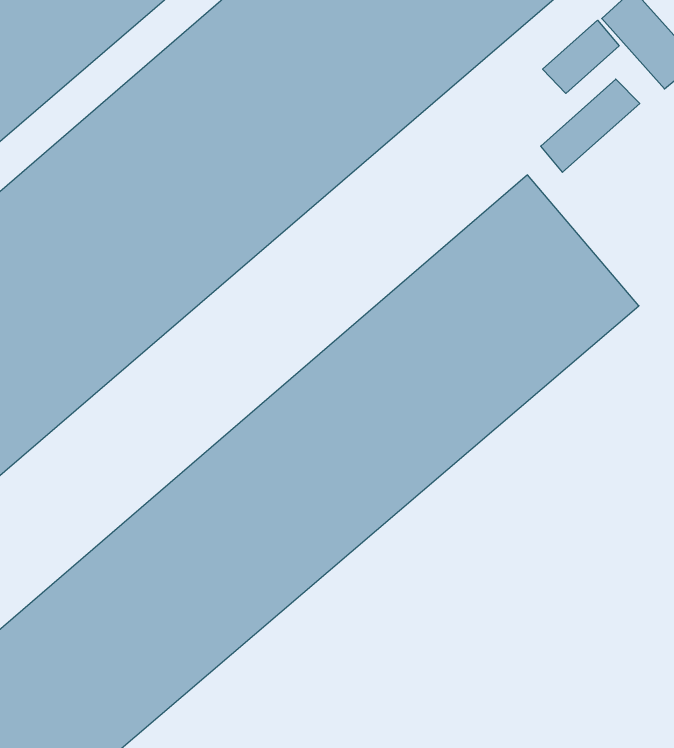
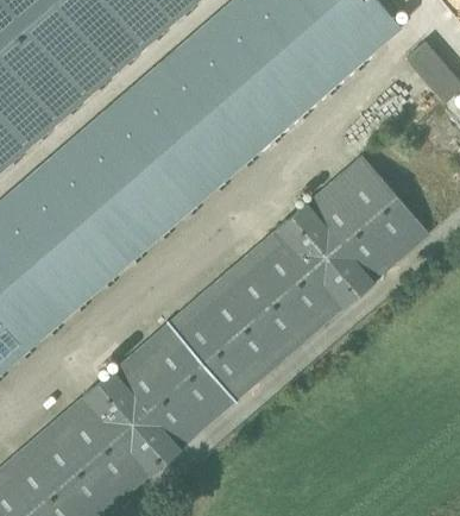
building: [543,20,619,93] -> none
building: [541,79,640,172] -> none

